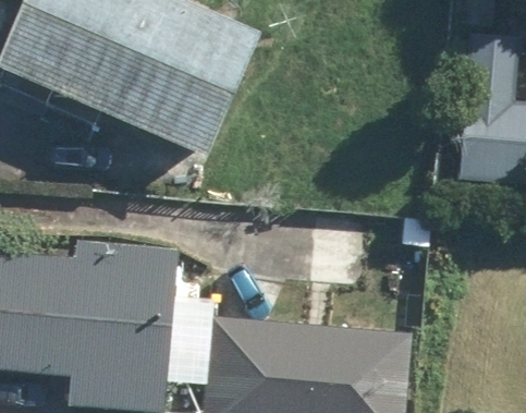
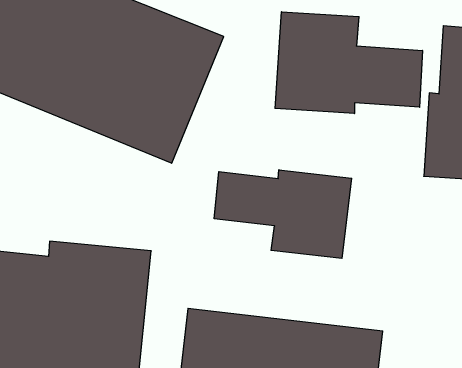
building: none -> [275,12,422,114]
building: none -> [214,170,352,258]

